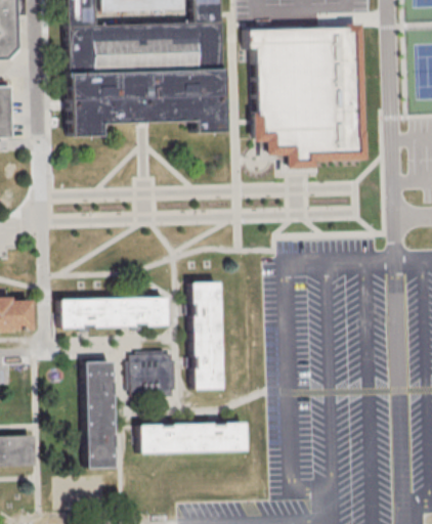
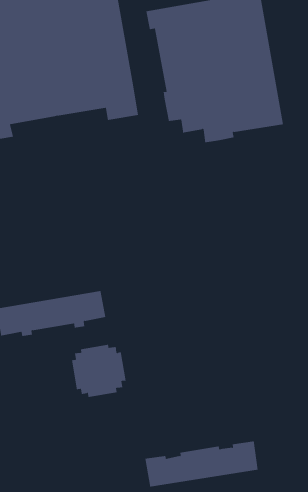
building: [189,281,221,389] -> none
building: [85,359,117,469] -> none
building: [138,422,248,452] -> [145,441,258,487]

